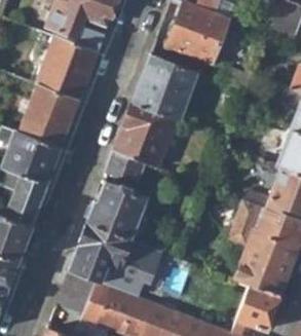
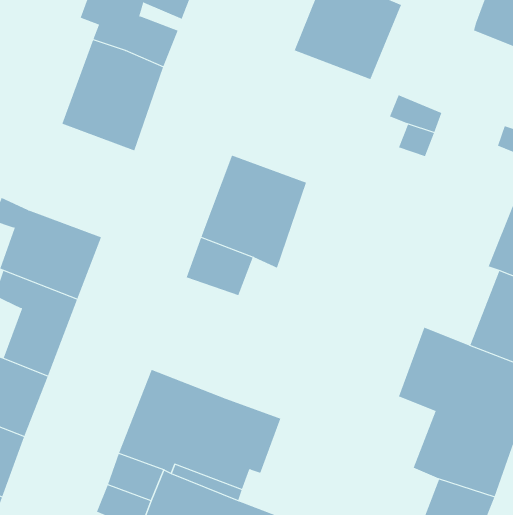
building: [134,53,199,121] -> none
building: [20,85,79,149] -> none
building: [88,182,145,239] -> none

